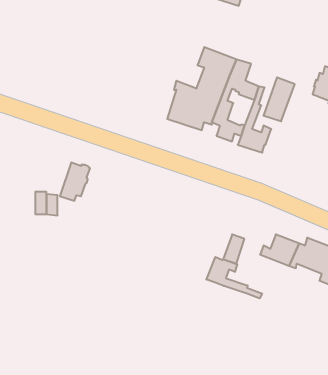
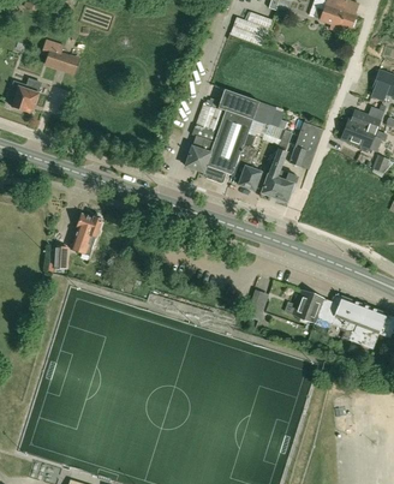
building: none -> [44,48,80,74]
building: none -> [13,78,40,112]
building: [206,257,262,298] -> none

